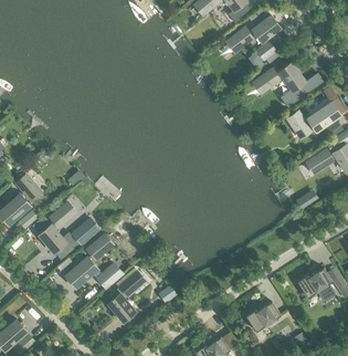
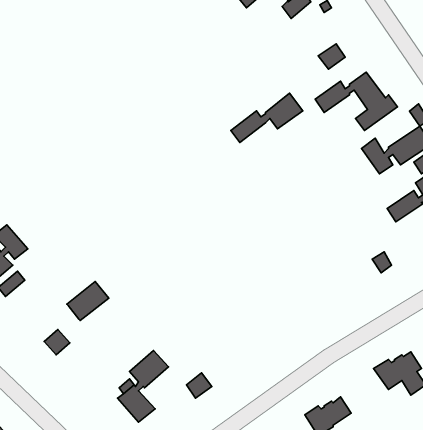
building: [226,14,280,51] -> [231,93,303,142]
building: [39,202,75,252] -> none
building: [65,234,122,287] -> none

